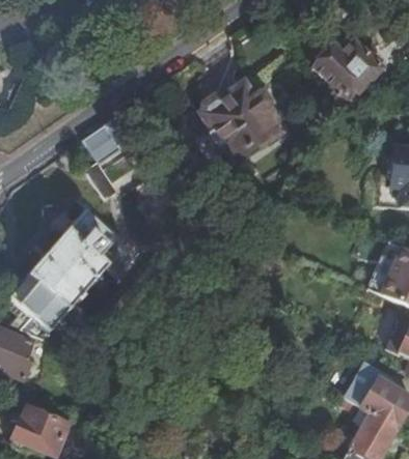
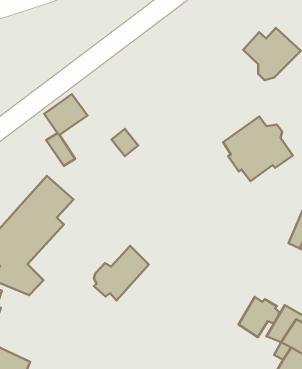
building: [202,82,284,157] -> [223,116,293,181]
building: none -> [94,246,149,300]
building: none -> [238,297,279,337]

